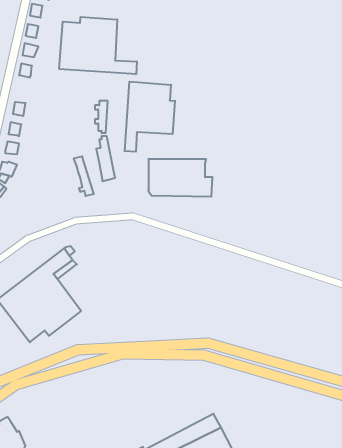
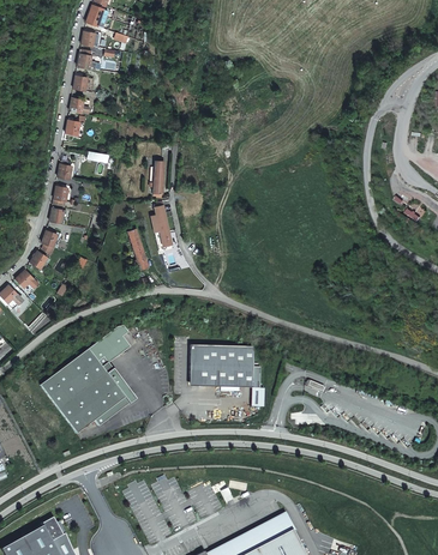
building: [59,17,137,74] -> none
building: [125,82,175,152] -> none
building: [148,159,213,197] -> [188,346,260,388]

